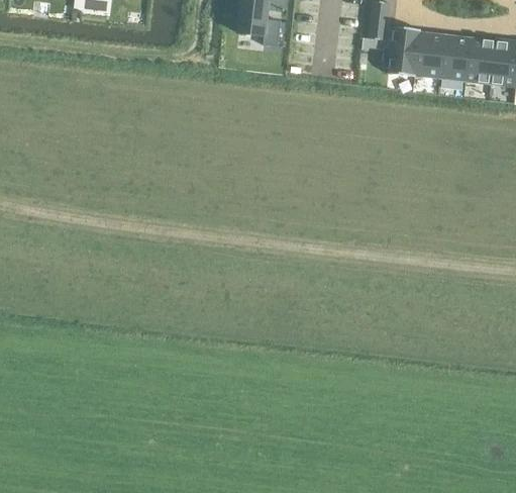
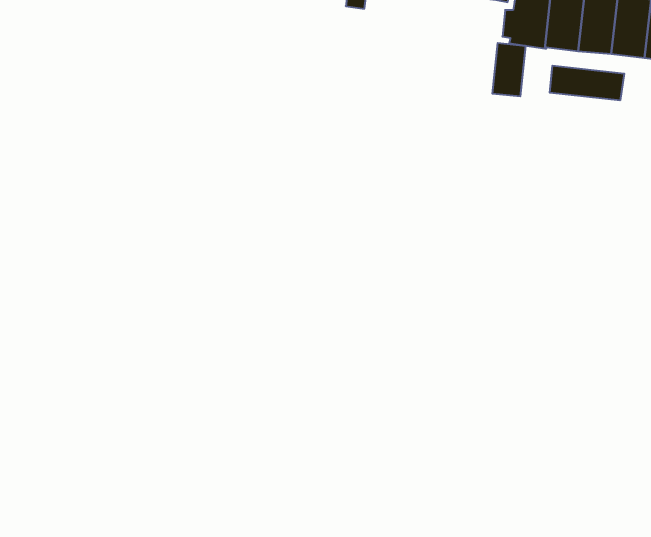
building: none -> [492,43,526,96]
building: none -> [550,66,624,100]

